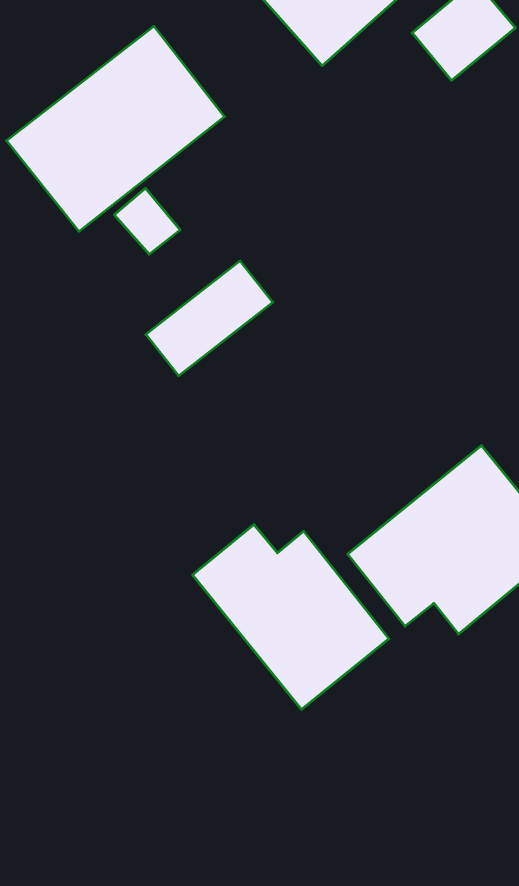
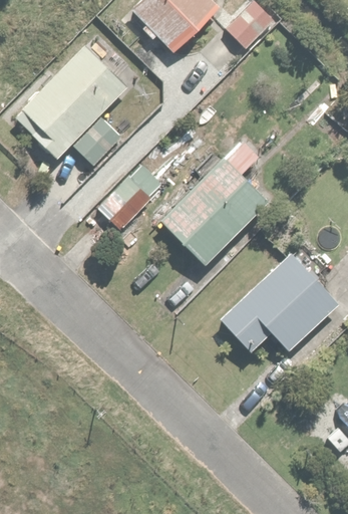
building: none -> [162,134,274,263]
building: [193,524,389,709] -> none

